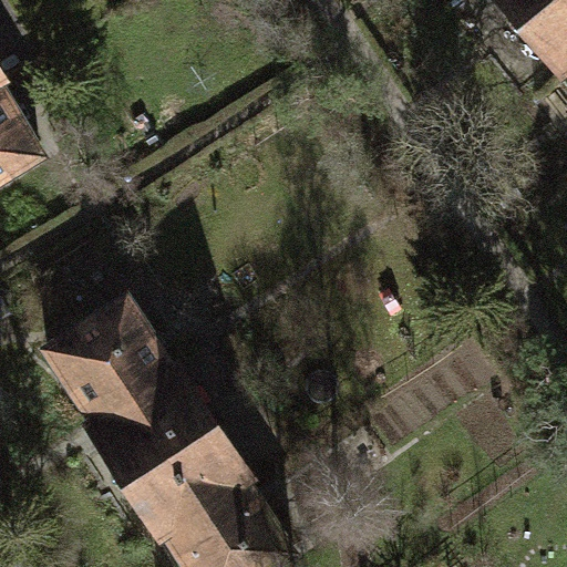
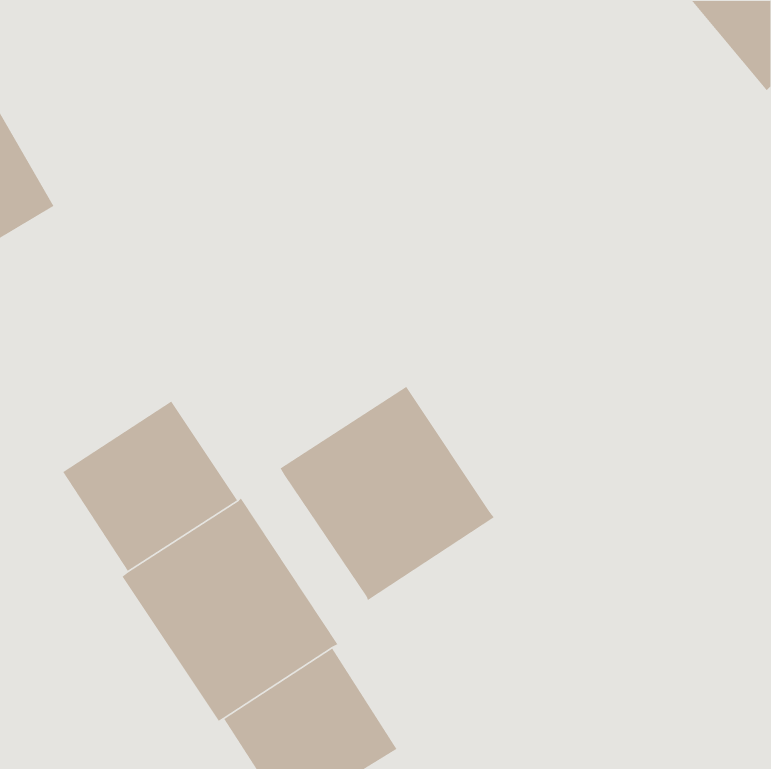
building: none -> [280,386,495,601]

